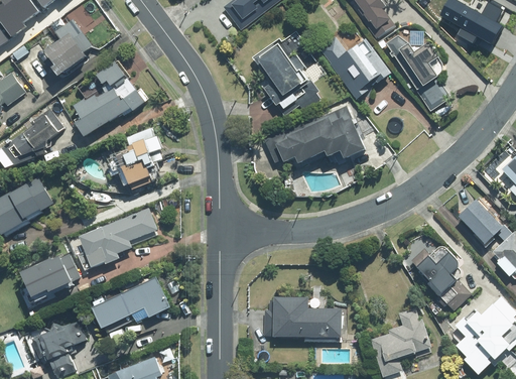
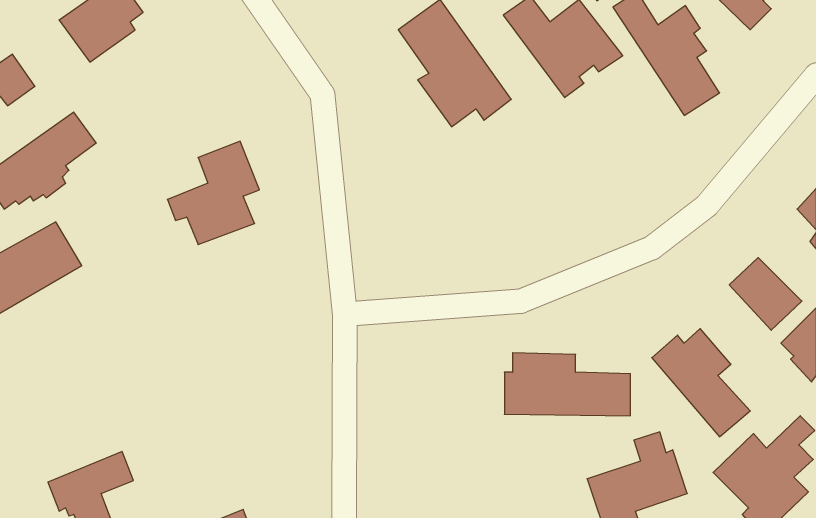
building: [75,59,147,137] -> none
building: [265,106,367,164] -> none
building: [79,208,157,267] -> none
building: [22,251,81,299] -> none
building: [93,277,170,329] -> none
building: [264,297,343,337] -> [504,353,630,416]

